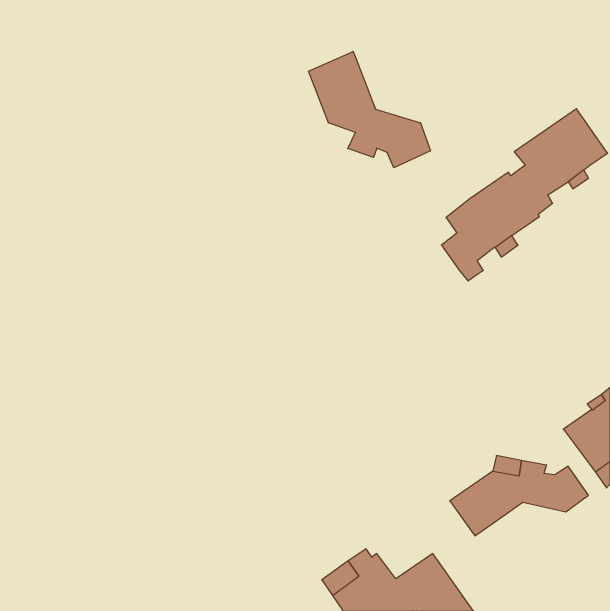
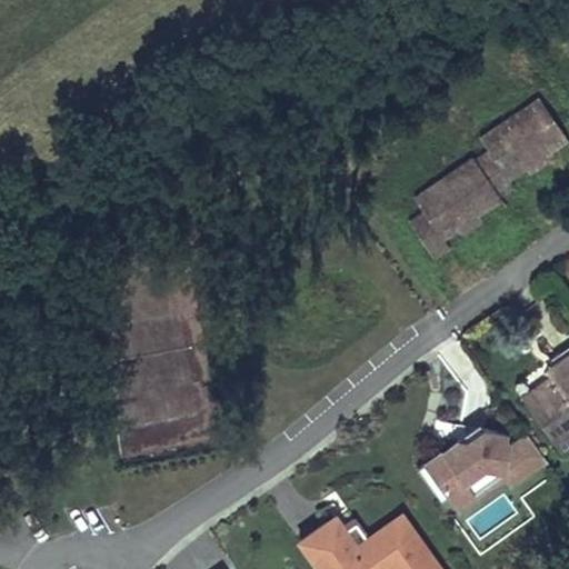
building: [308,51,430,168] -> none
building: none -> [448,467,526,509]

